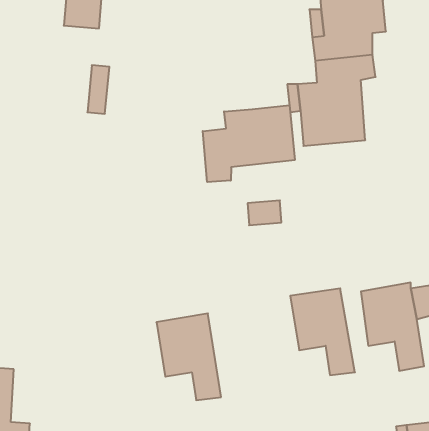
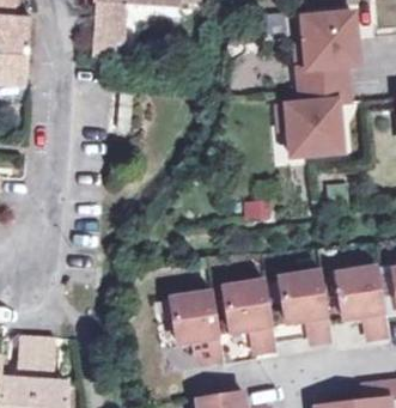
building: [203,105,295,182] -> none
building: none -> [221,281,274,352]

